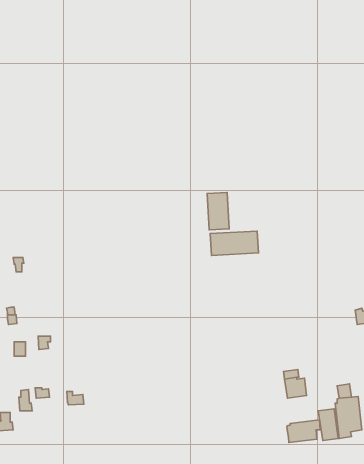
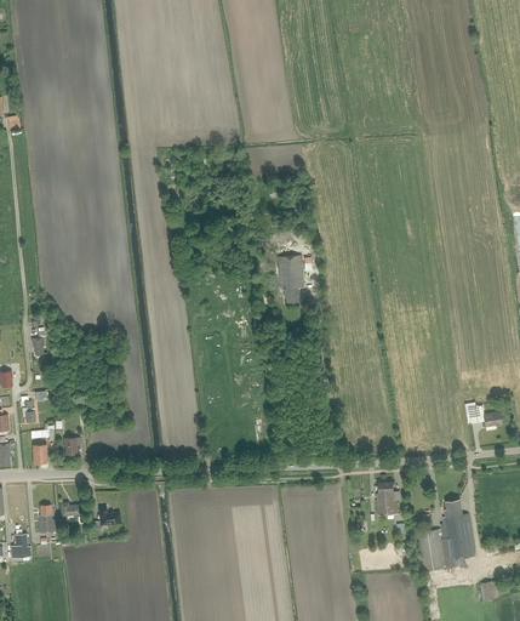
building: [210,231,258,255] -> none
building: [287,420,320,443] -> none

